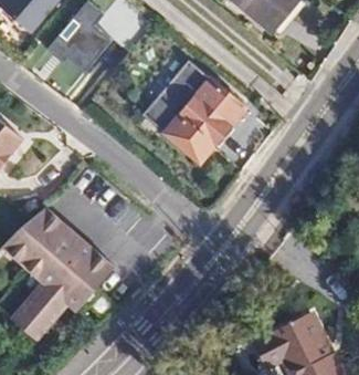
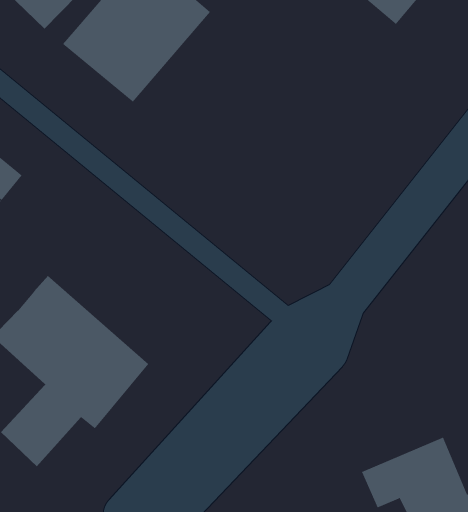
building: [146,59,247,162] -> none

